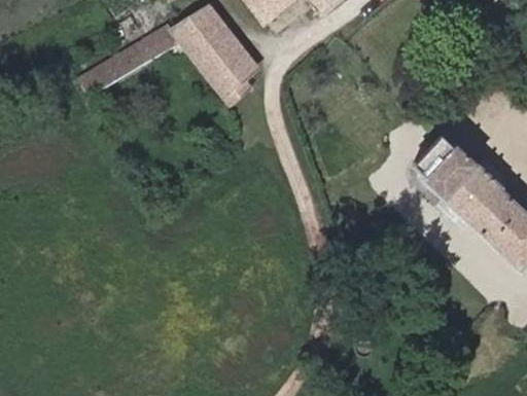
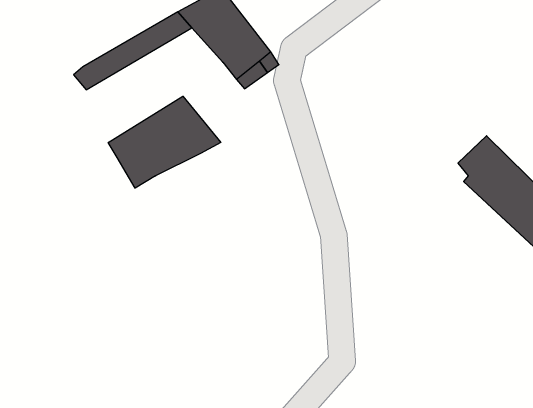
building: none -> [108,96,221,188]

